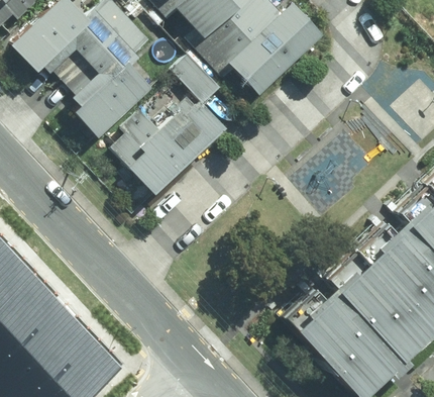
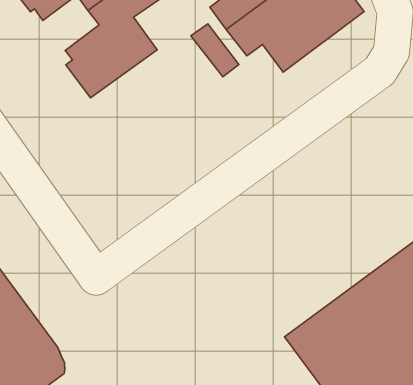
building: [115,99,225,192] -> none

